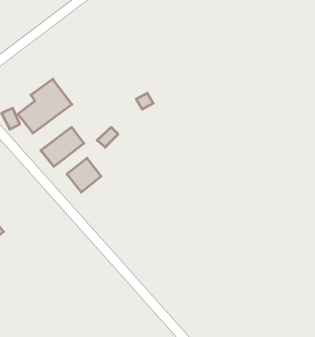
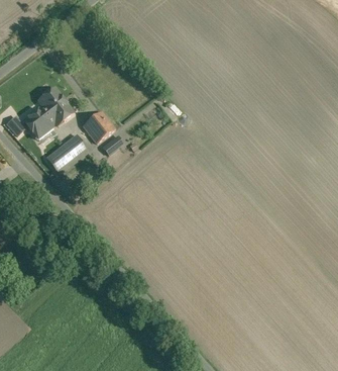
building: [67,158,101,192] -> [81,109,115,144]

